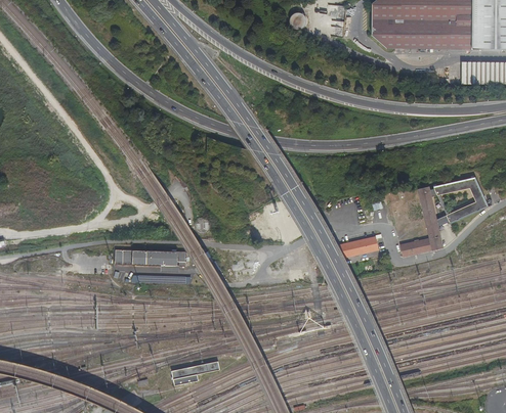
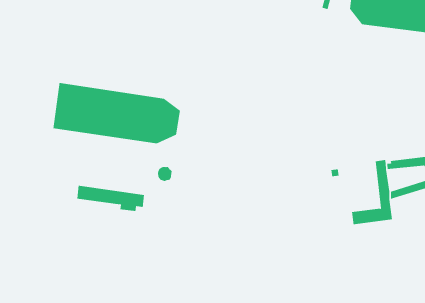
building: none -> [53,82,181,144]
building: [338,233,380,256] -> none

